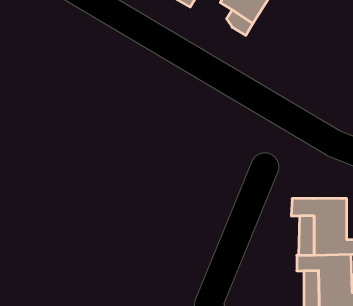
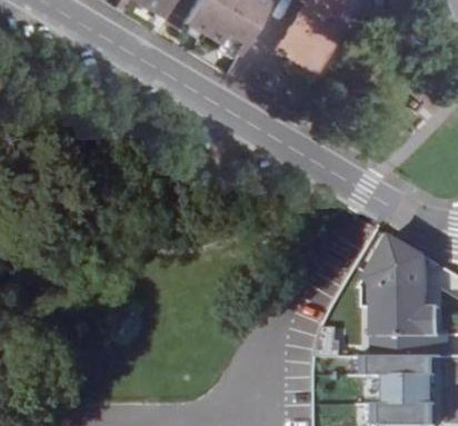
building: none -> [362,229,429,286]

